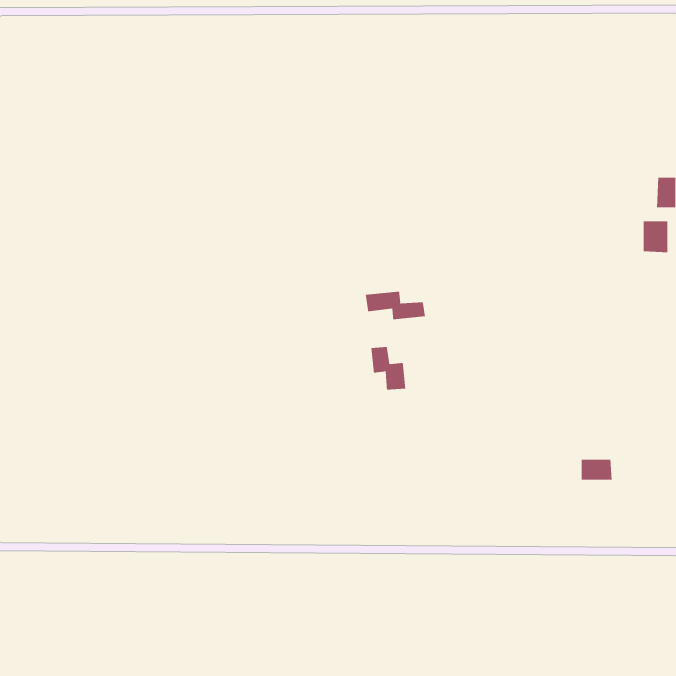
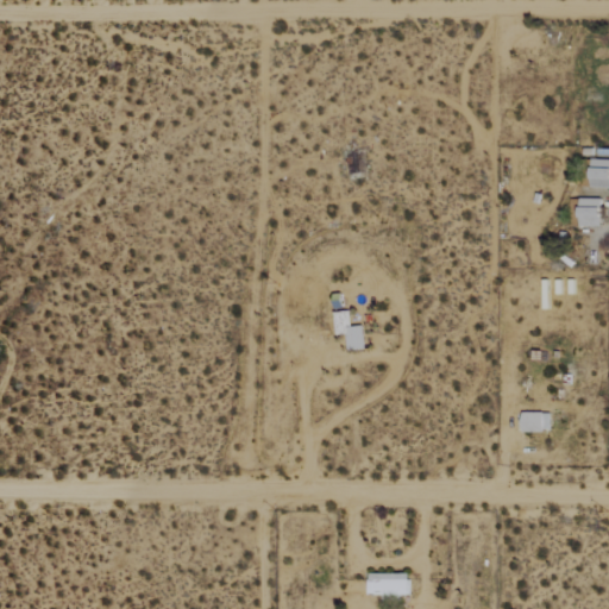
building: [365,291,425,320] -> none
building: none -> [368,572,408,595]

